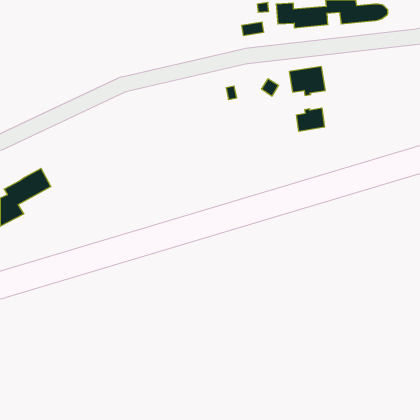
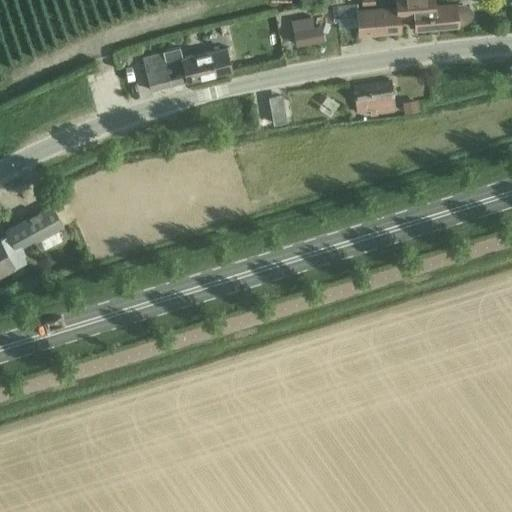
building: none -> [142,48,231,90]
building: [296,108,325,131] -> none

